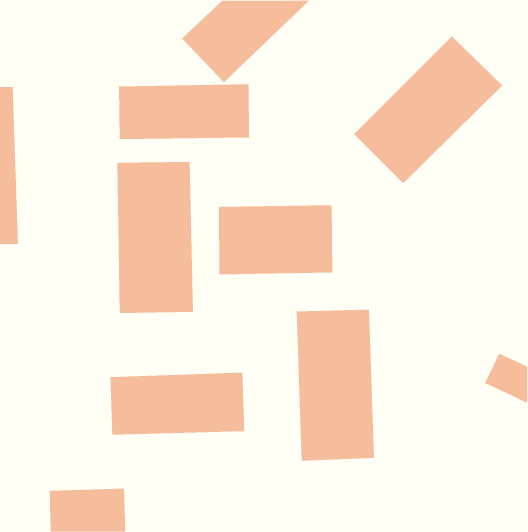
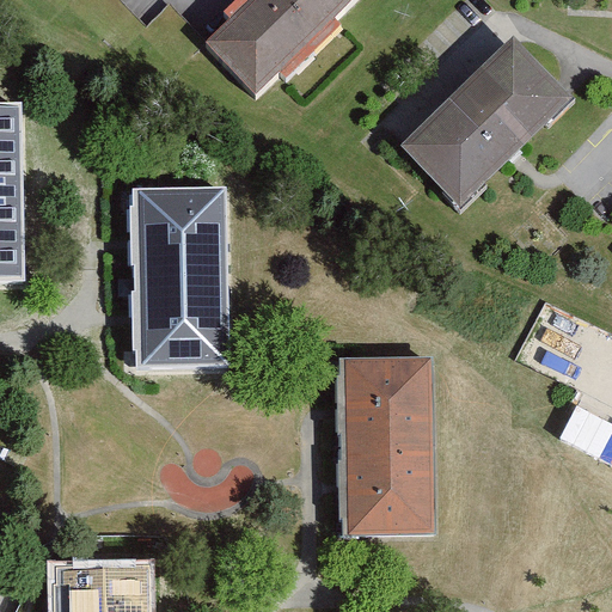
building: [118,83,249,140] -> none
building: [219,204,333,275] -> none
building: [110,372,245,436] -> none

